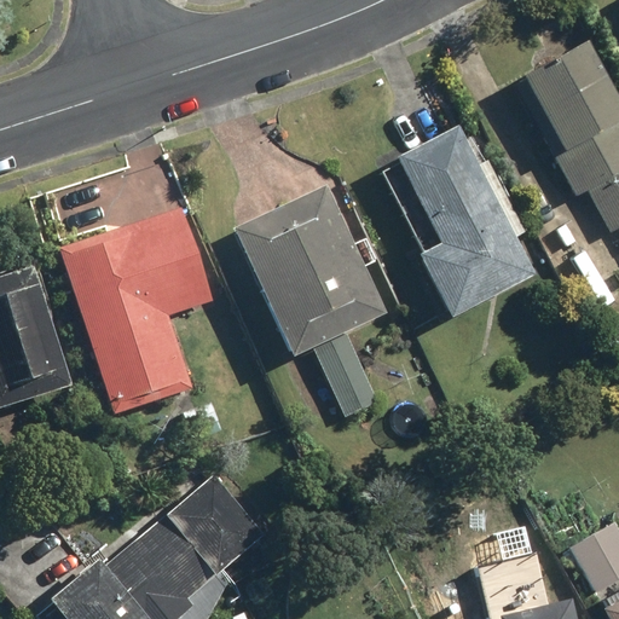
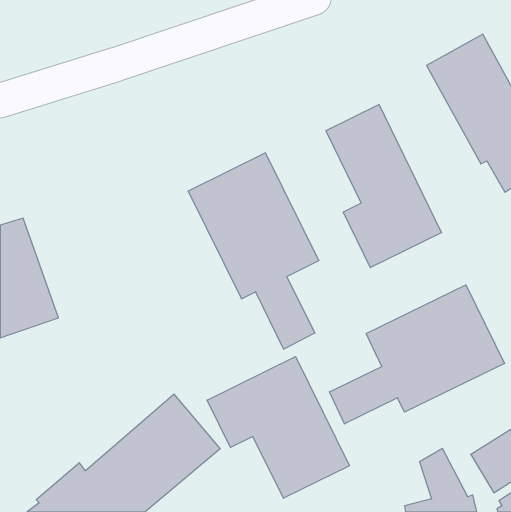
building: [58,207,214,412] -> none
building: none -> [330,285,504,424]
building: none -> [207,357,349,498]

